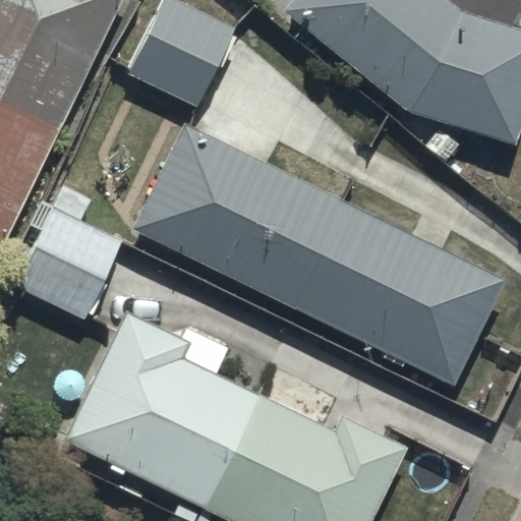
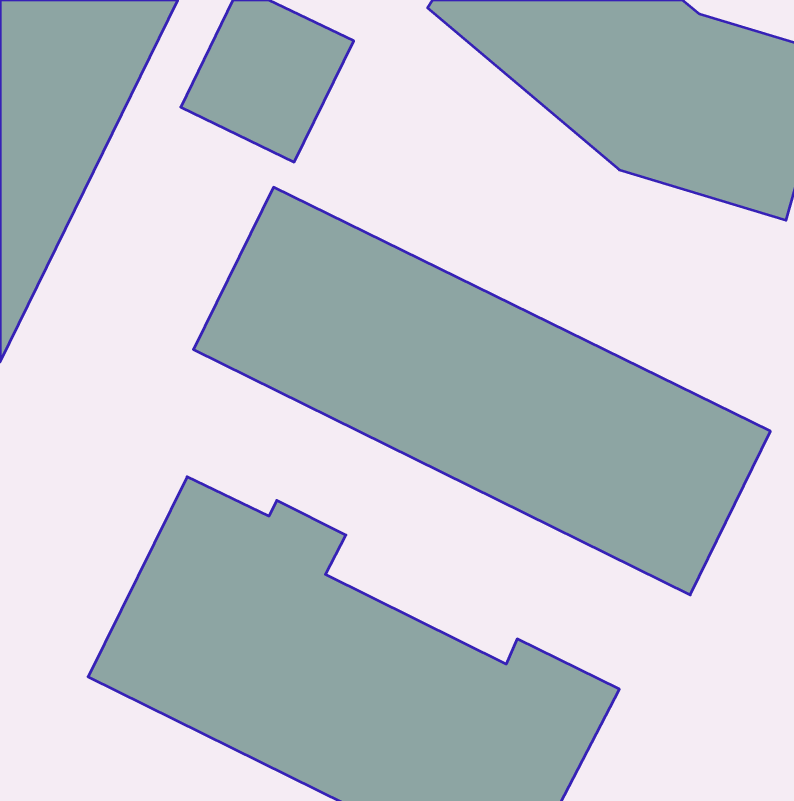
building: [14,208,121,320] -> none

